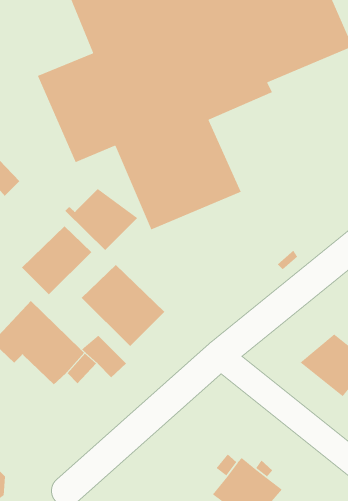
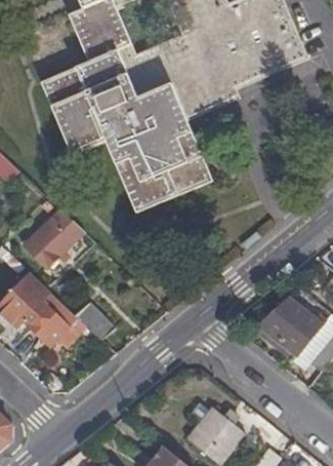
building: [64,188,138,251] -> none
building: [81,264,165,347] -> none

